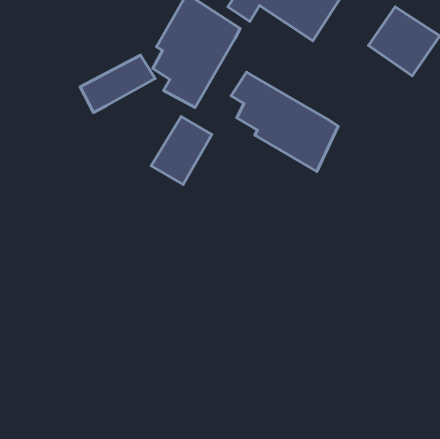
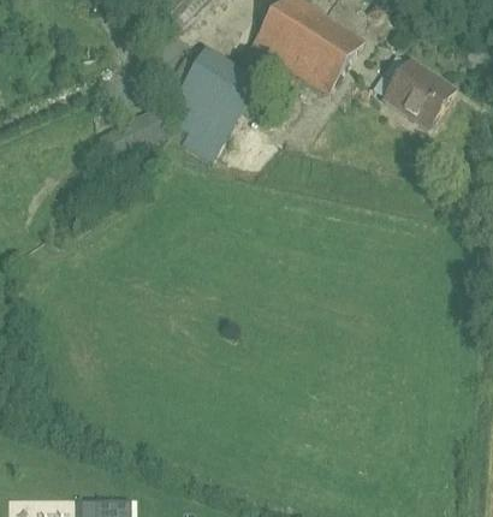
building: [231,72,338,172] -> none
building: [151,116,212,184] -> none

